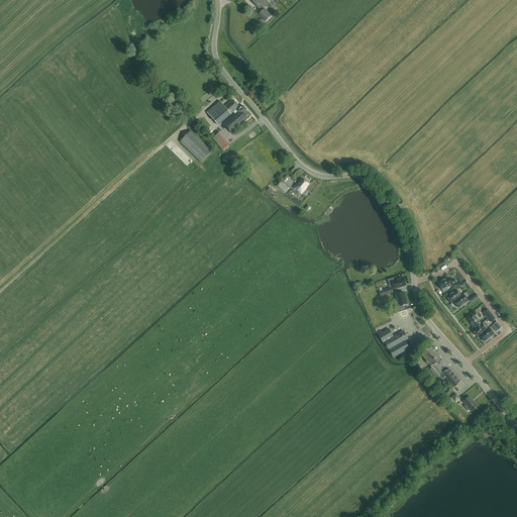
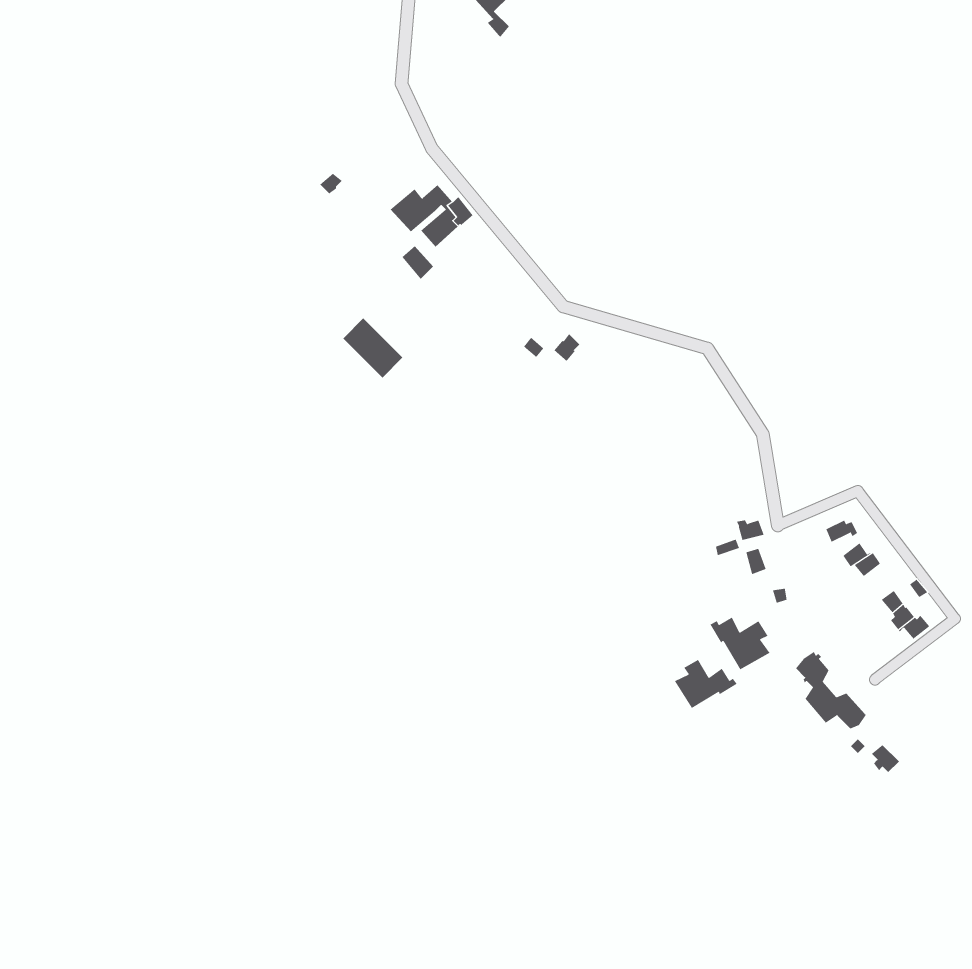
building: [180,128,212,161] -> [342,318,403,378]
building: none -> [674,659,737,709]

